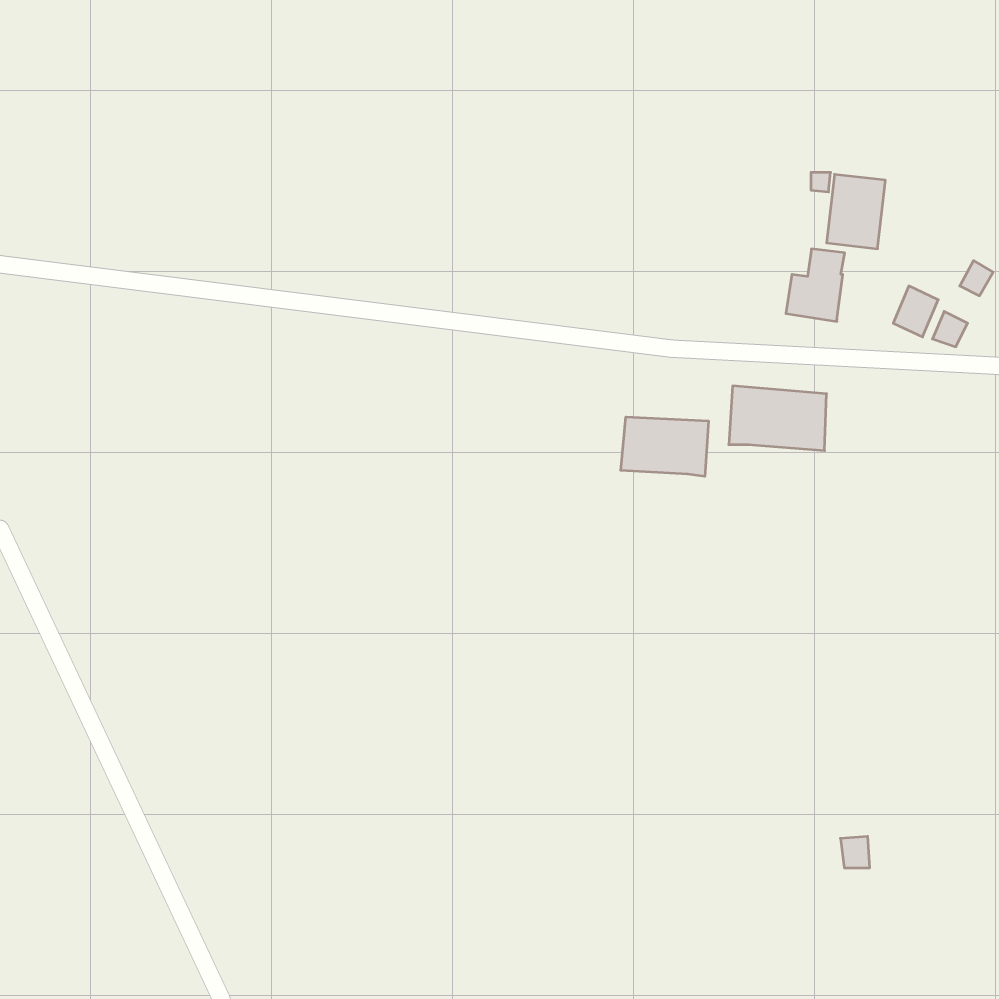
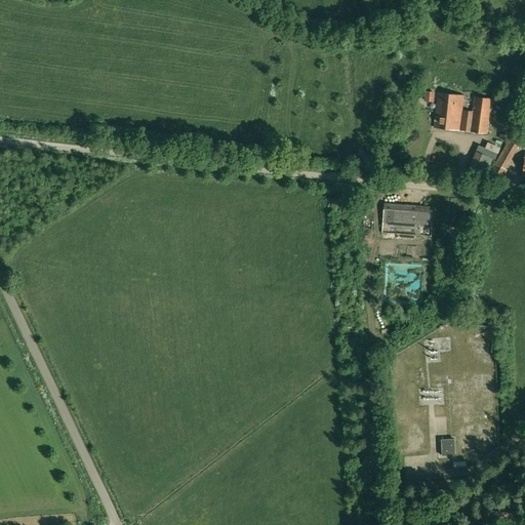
building: [786,249,845,321] -> [461,95,492,133]
building: [621,417,708,476] -> none

